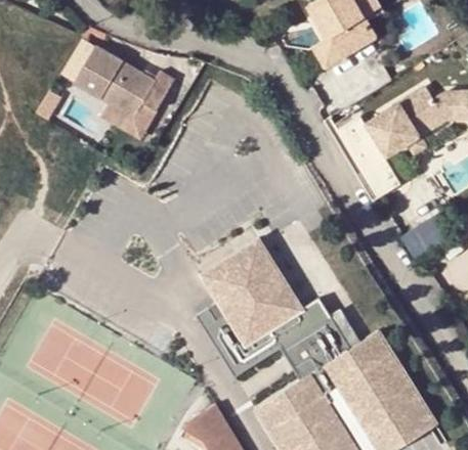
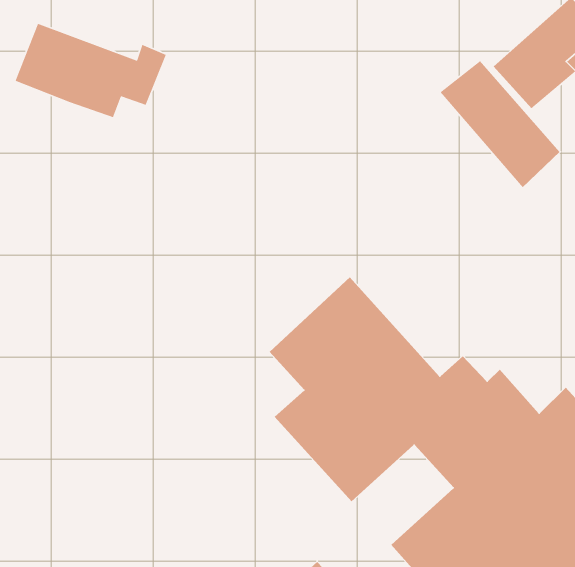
building: [94,98,151,137] -> none

